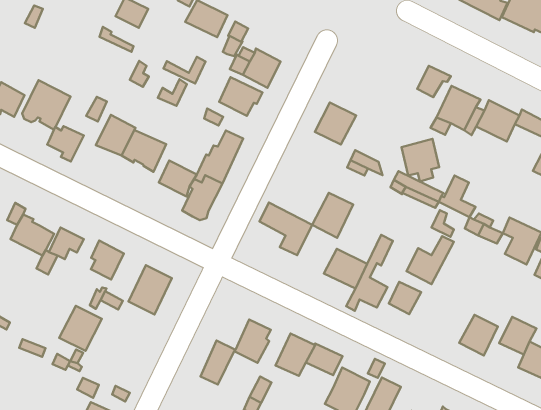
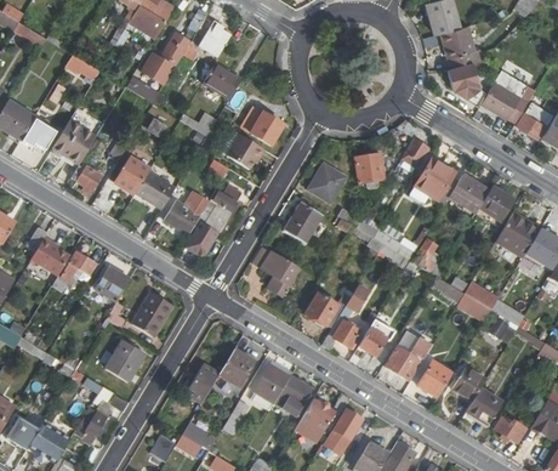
building: [401,139,439,181] -> [353,154,385,191]
building: [312,193,353,238] -> [285,204,323,244]
building: [407,236,454,284] -> [386,339,429,380]
building: [59,306,102,351] -> [106,340,144,380]

